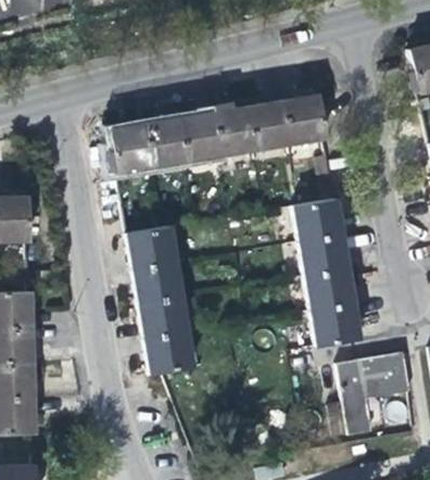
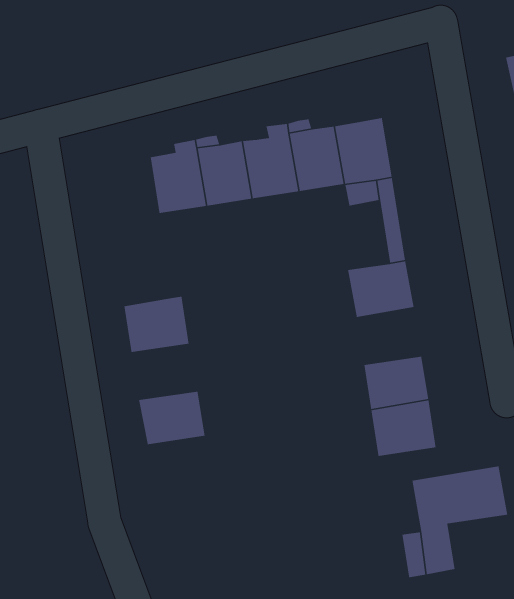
building: [110,124,153,173] -> none
building: [300,236,349,278] -> none
building: [132,263,182,304] -> none
building: [144,331,193,372] -> none

